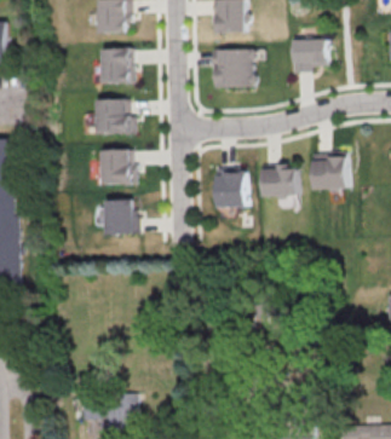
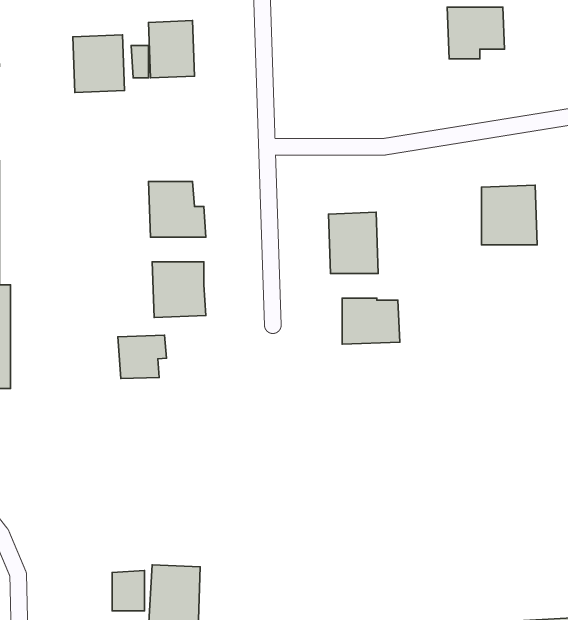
building: [214,47,255,87] -> none
building: [98,98,131,134] -> [73,35,125,92]
building: [263,167,299,196] -> [342,298,400,344]
building: none -> [118,335,166,379]

